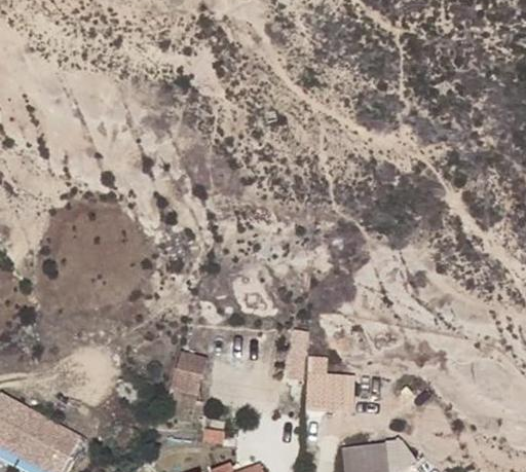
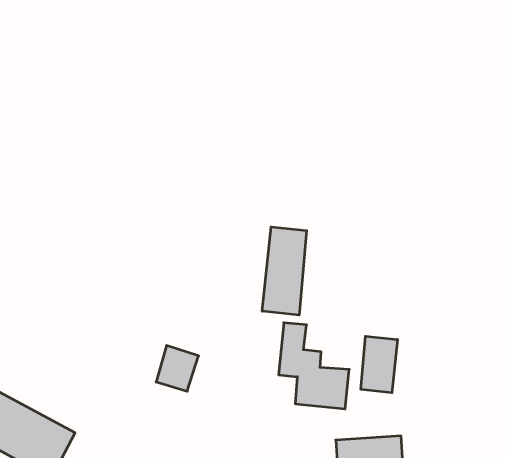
building: none -> [262,227,307,315]
building: none -> [361,336,397,393]

